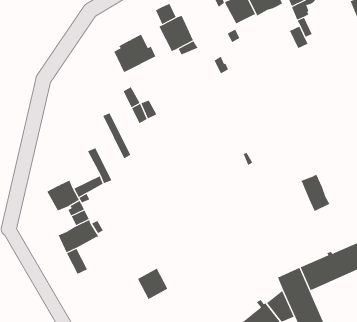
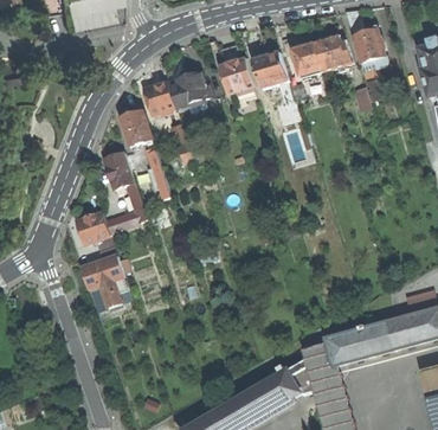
building: none -> [252,51,288,88]
building: none -> [143,82,175,115]
building: none -> [121,110,152,146]
building: none -> [103,152,135,188]
building: [300,174,330,212] -> none
building: [137,268,168,300] -> [99,275,130,307]

